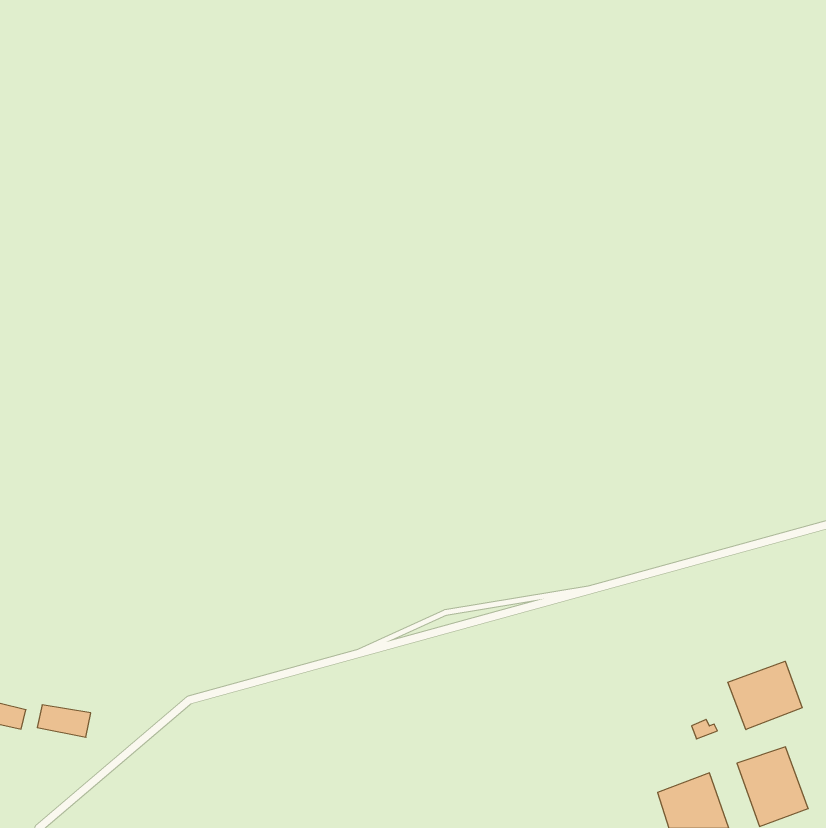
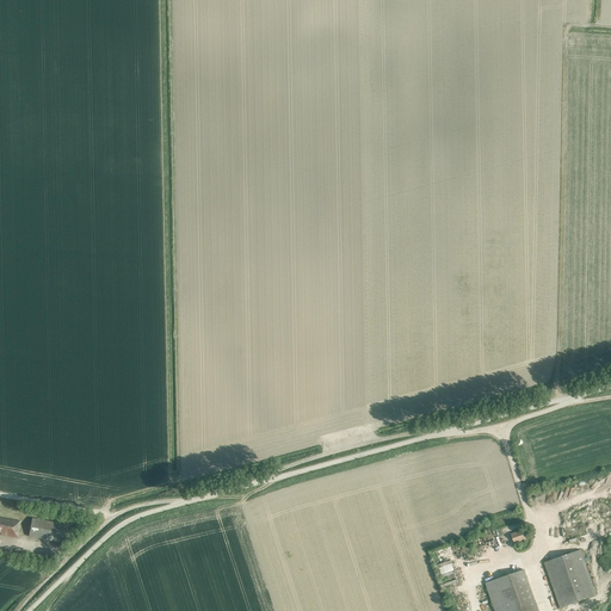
building: [728,661,802,730] -> none

